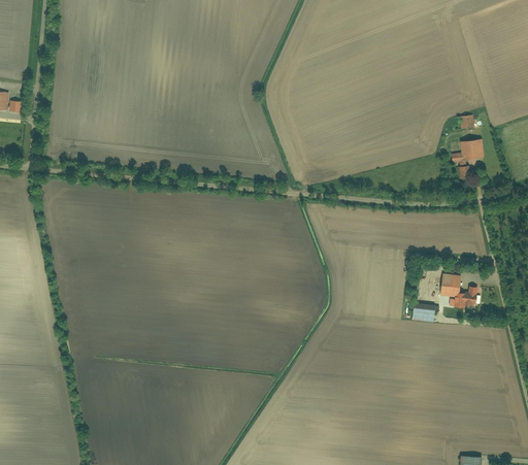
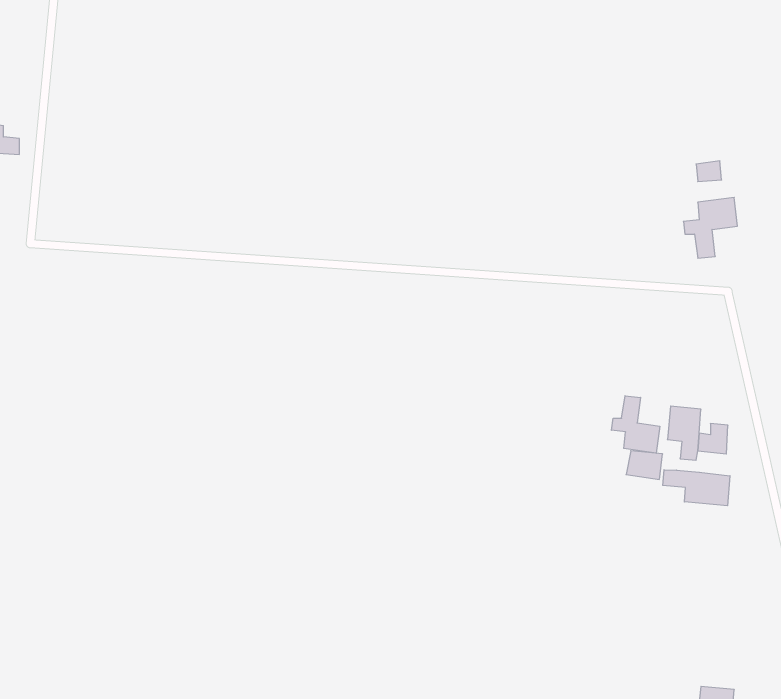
building: none -> [611,396,660,453]
building: none -> [663,470,730,506]

